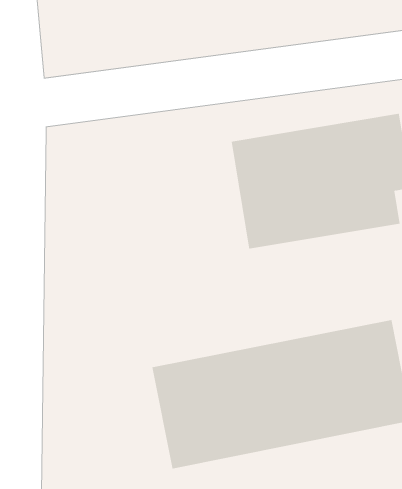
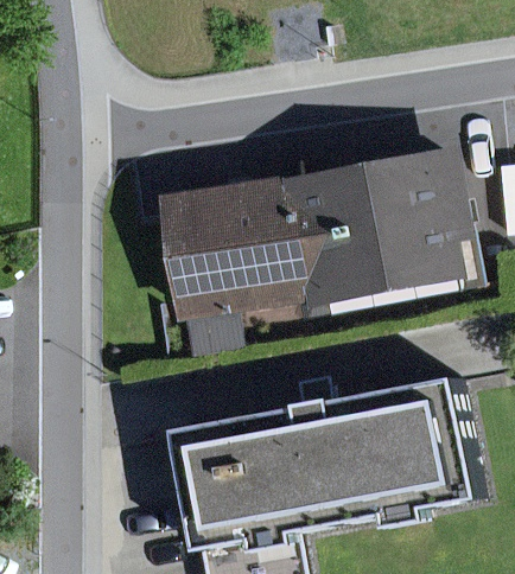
building: none -> [167,180,298,357]

